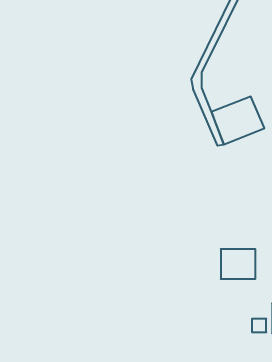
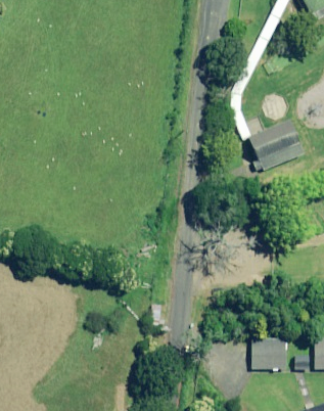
building: [221,249,255,279] -> [251,337,288,369]

